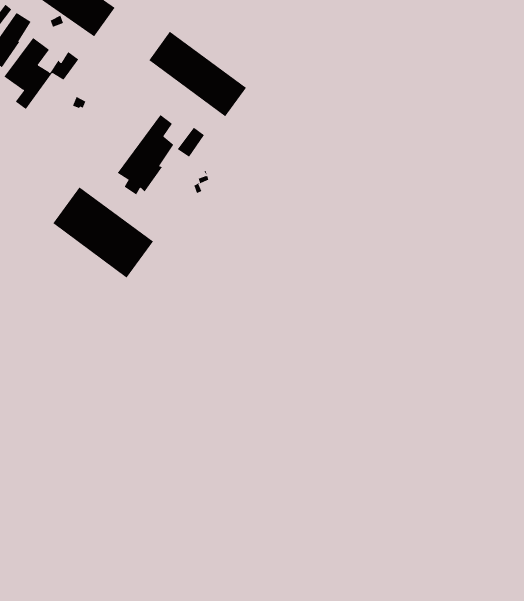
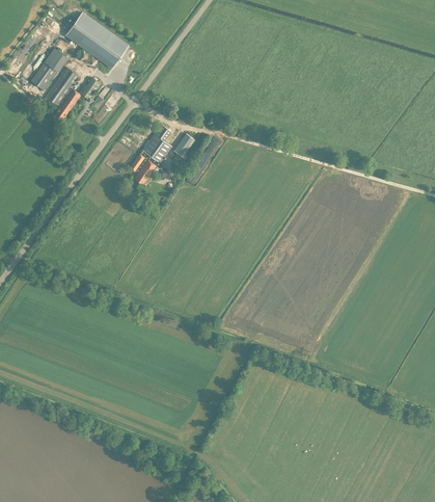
building: [148,31,247,117] -> none
building: [52,186,154,278] -> none

